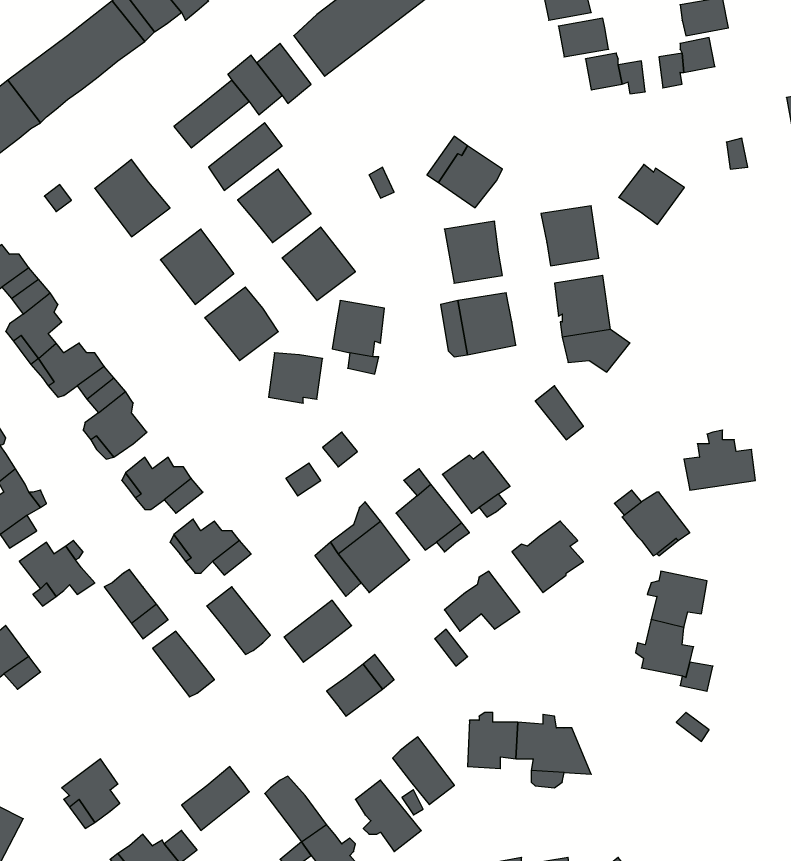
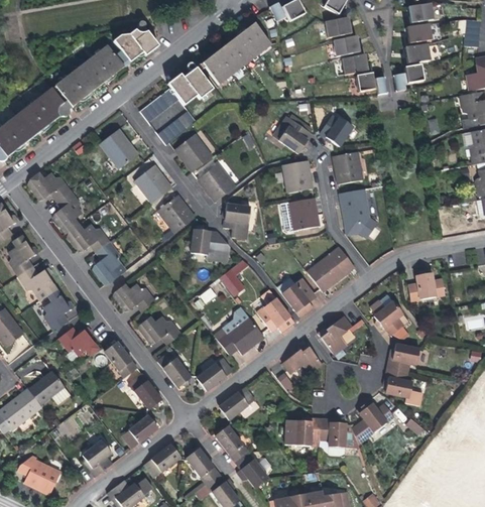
building: [619,164,684,224] -> [319,115,353,146]
building: none -> [306,254,345,291]
building: none -> [357,404,393,437]
building: none -> [122,416,157,449]
building: [393,737,454,805] -> [216,426,248,462]

